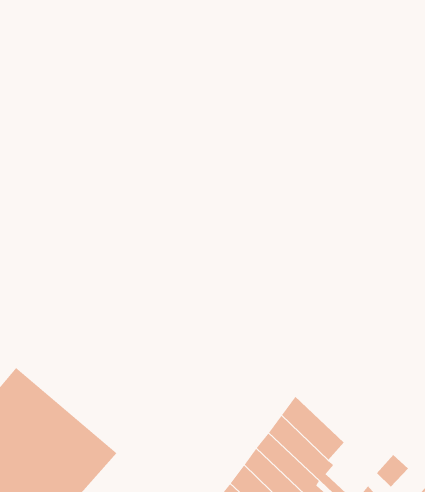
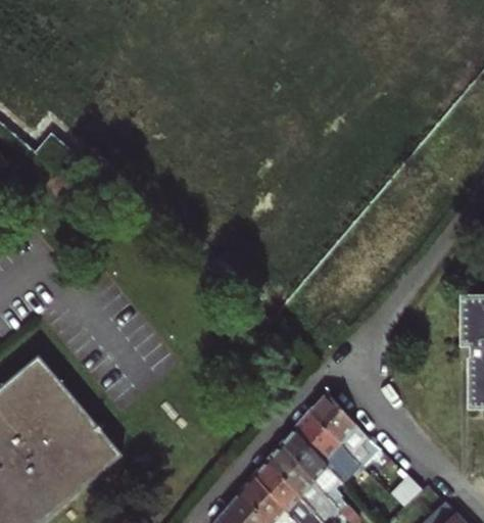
building: none -> [309,394,379,470]

